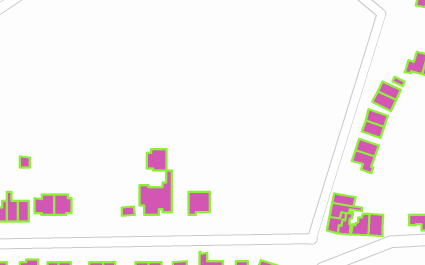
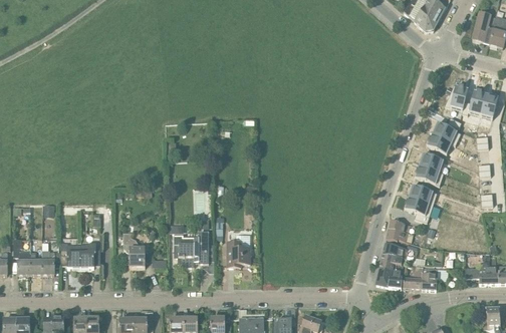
building: none -> [445,85,468,110]
building: [147,149,166,170] -> none
building: none -> [386,220,413,243]
building: none -> [123,233,146,267]

